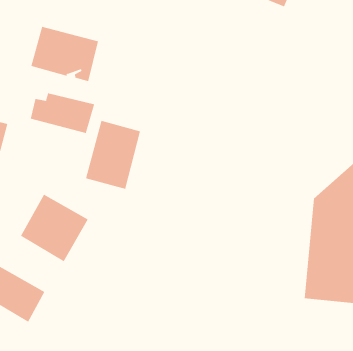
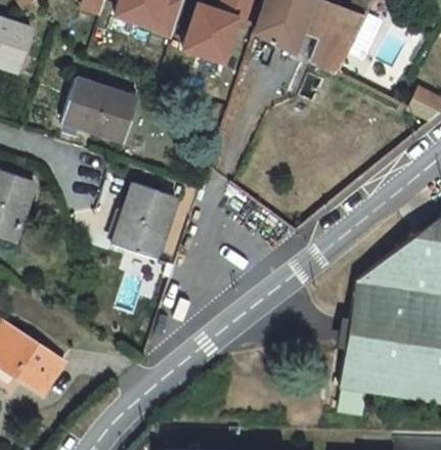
building: [30,93,95,134] -> none
building: [20,194,88,262] -> none

